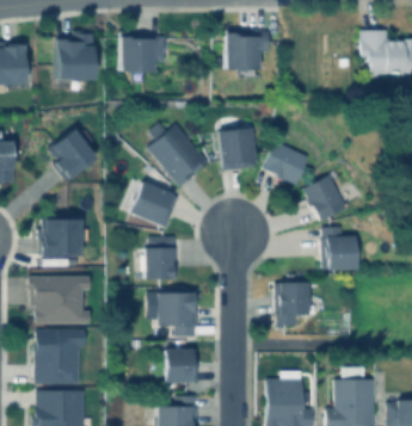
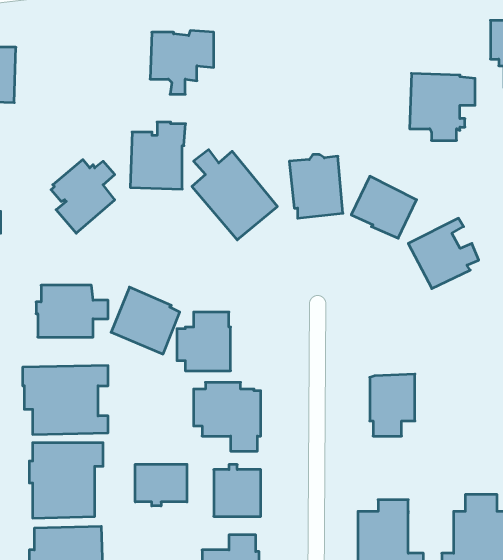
building: [223,30,270,78] -> [410,73,475,140]
building: [56,32,96,80] -> [130,122,186,189]
building: [130,180,179,228] -> [111,287,180,354]
building: [322,227,357,271] -> none
building: none -> [135,464,187,506]

